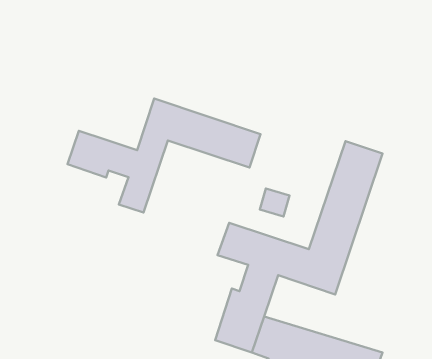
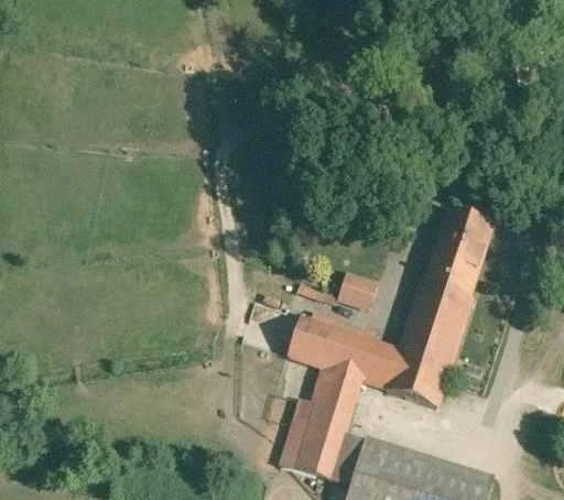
building: [68,99,261,212] -> none

